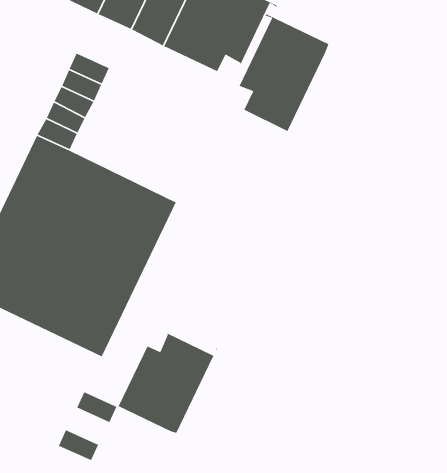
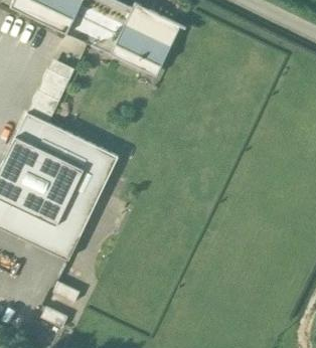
building: [238,14,330,132] -> none
building: [117,332,218,434] -> none

